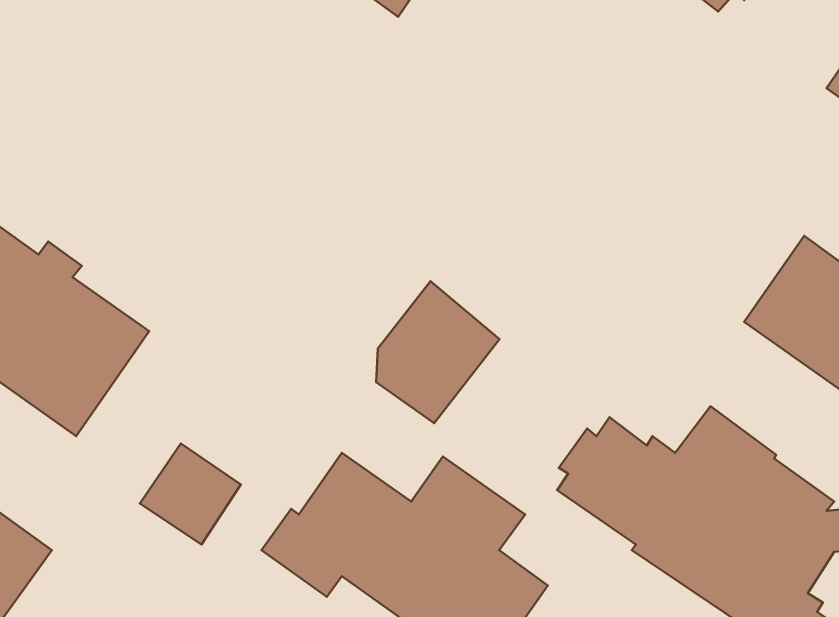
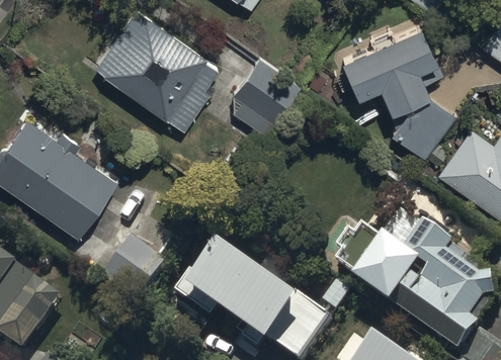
building: none -> [95,9,217,130]
building: none -> [341,27,460,161]
building: [376,281,500,423] -> [232,60,299,137]

